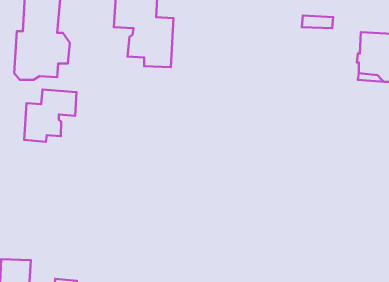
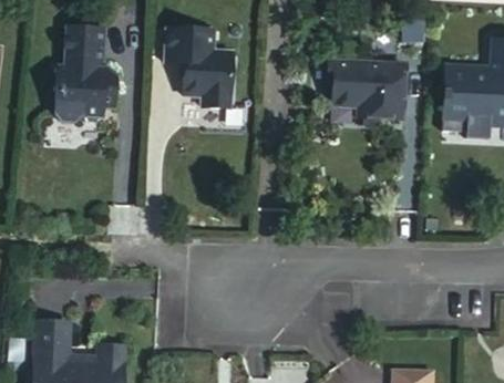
building: none -> [327,58,404,117]
building: [24,89,77,142] -> none

